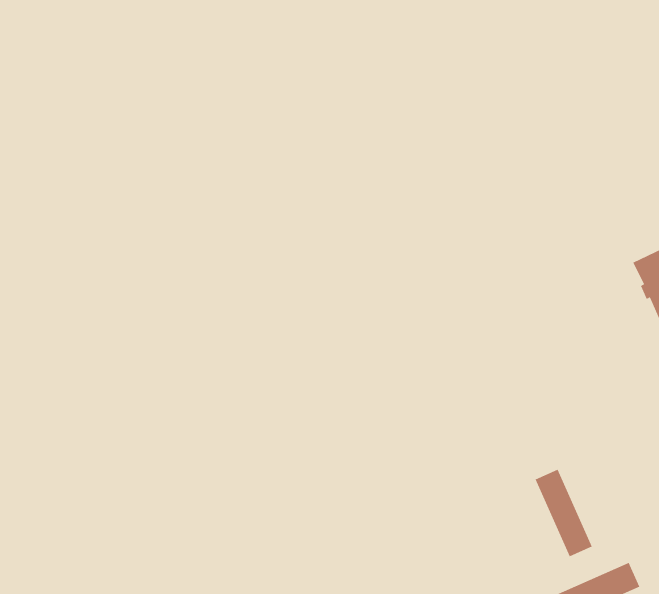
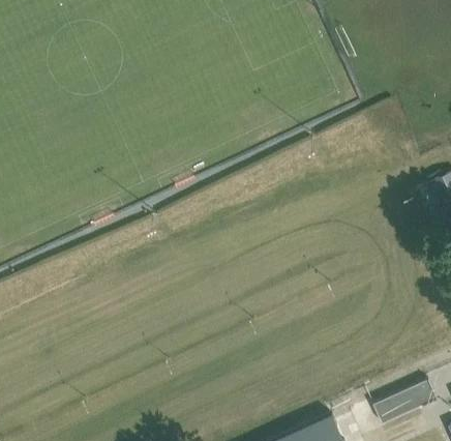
building: [535,469,593,557] -> none

